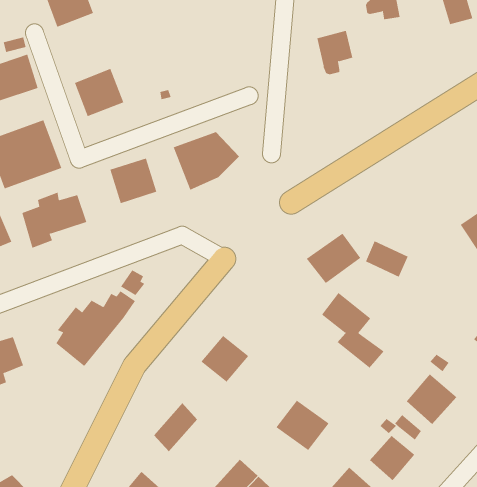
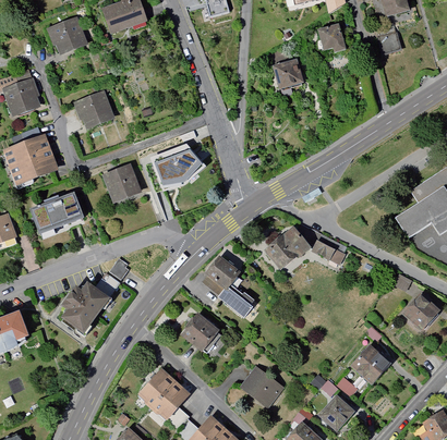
building: [321,292,384,369] -> [203,254,255,317]
building: none -> [150,381,189,419]

